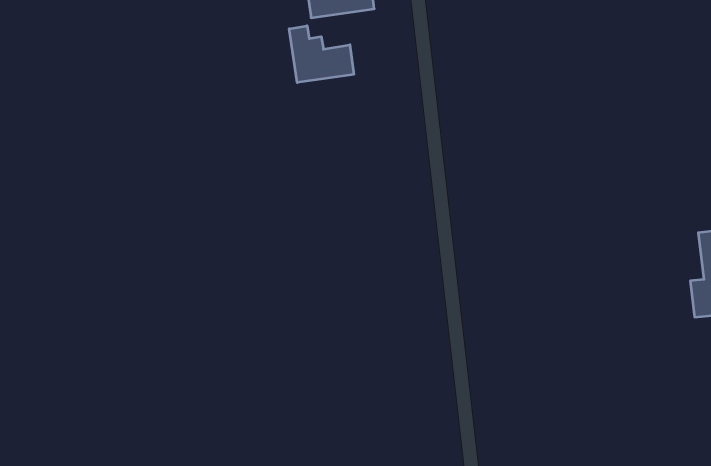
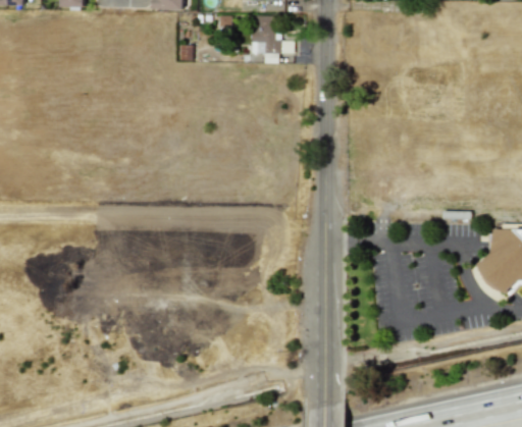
building: [289,26,354,83] -> none

